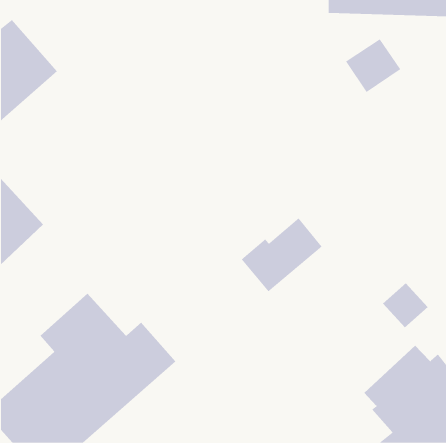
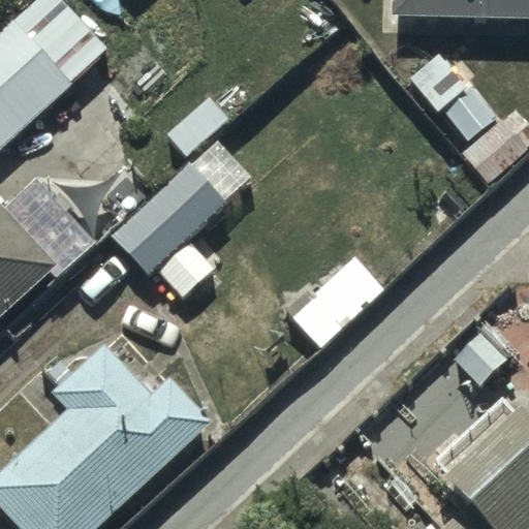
building: none -> [106,139,253,297]

